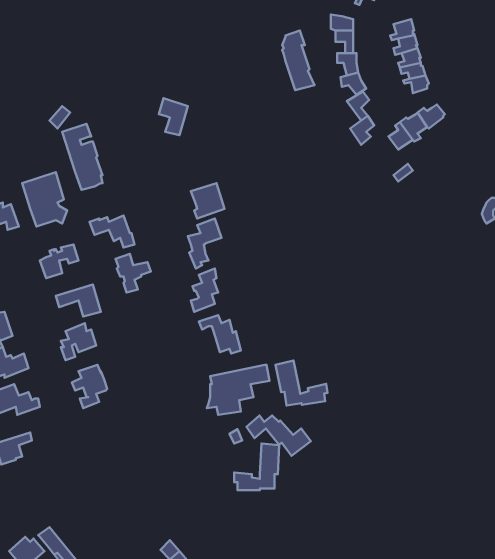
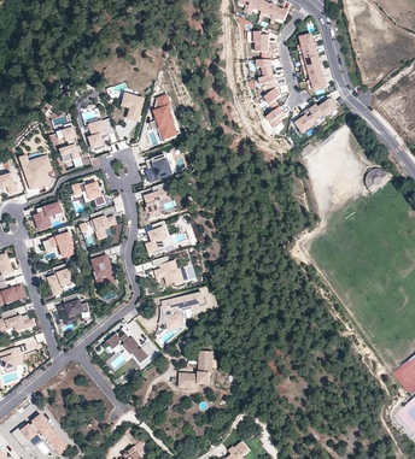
building: [282,31,314,90] -> [154,96,179,141]
building: none -> [87,118,115,153]
building: none -> [89,249,116,286]
building: [275,360,328,406] -> none
building: [247,416,311,456] -> [106,334,154,364]

